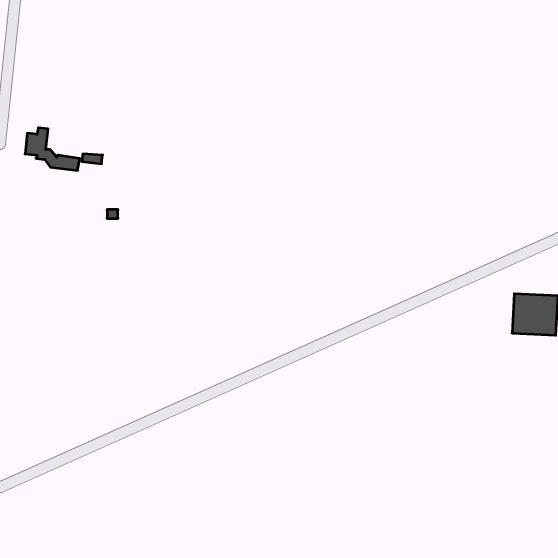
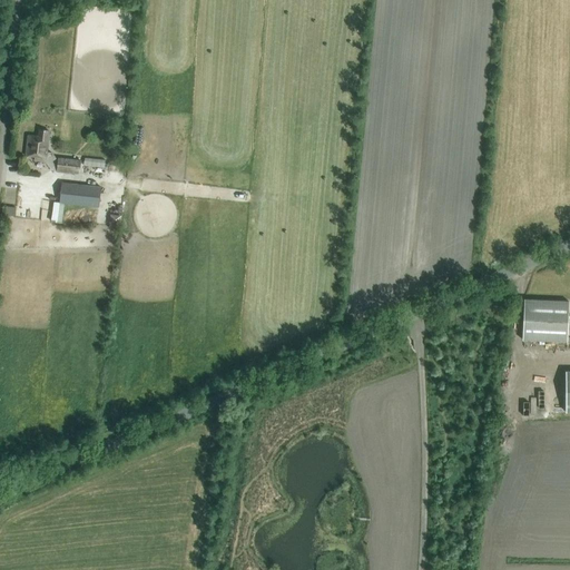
building: none -> [59,183,100,207]

